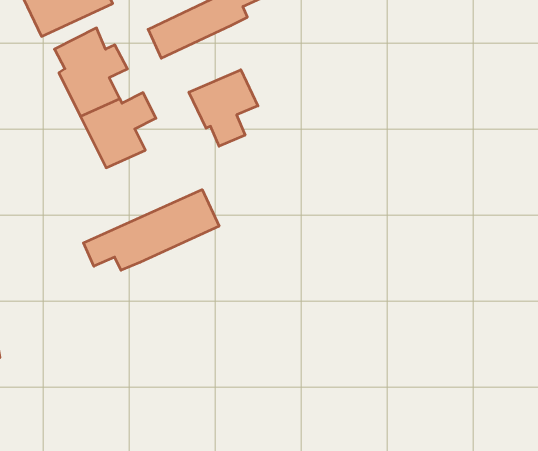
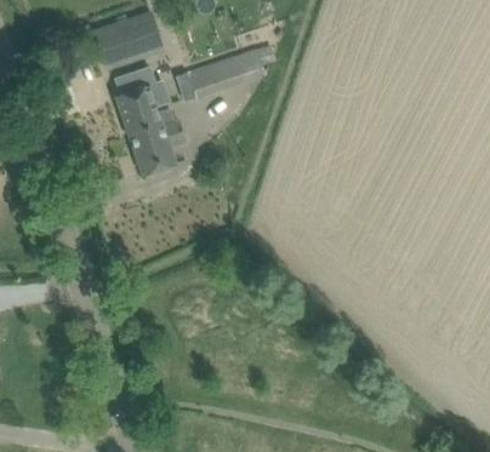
building: [189,70,258,146] -> none
building: [83,190,219,270] -> none

